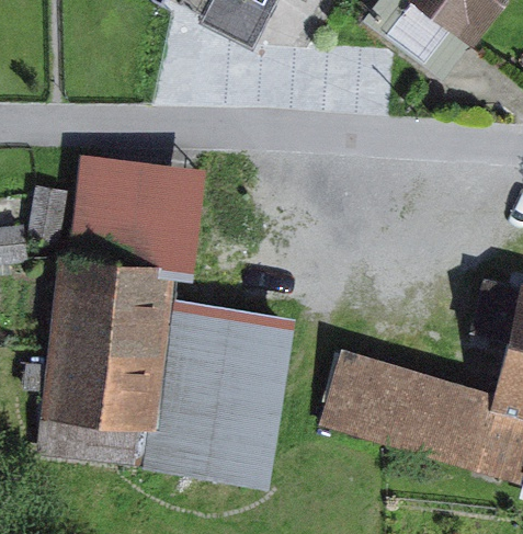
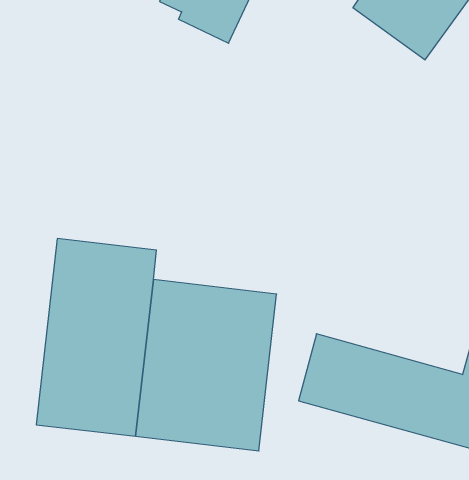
building: [67,148,208,271] -> none

